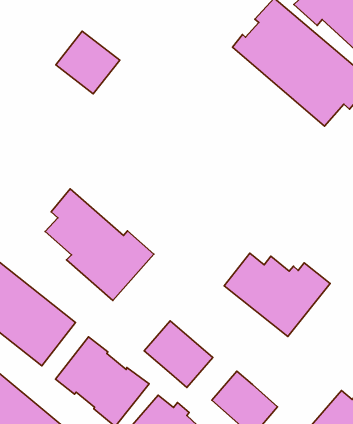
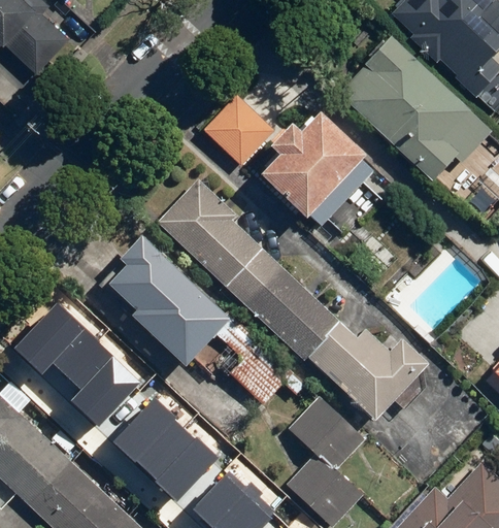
building: [56,31,120,94] -> [203,97,276,169]
building: none -> [269,112,374,217]
building: none -> [155,176,341,362]
building: [144,321,213,388] -> [288,394,365,471]

